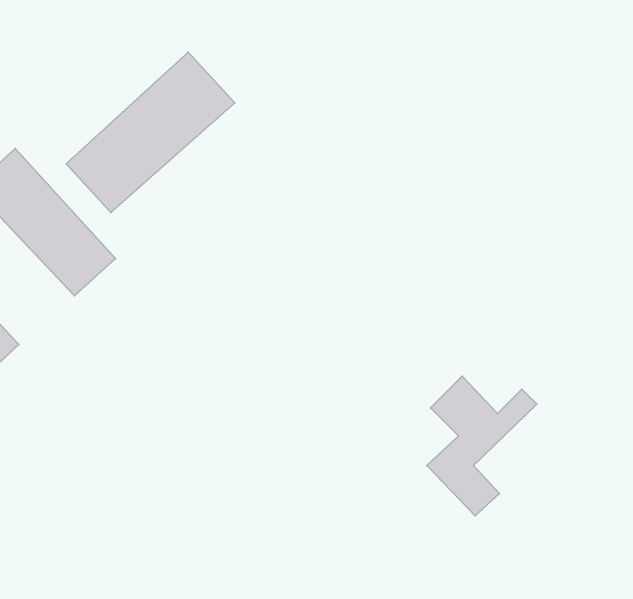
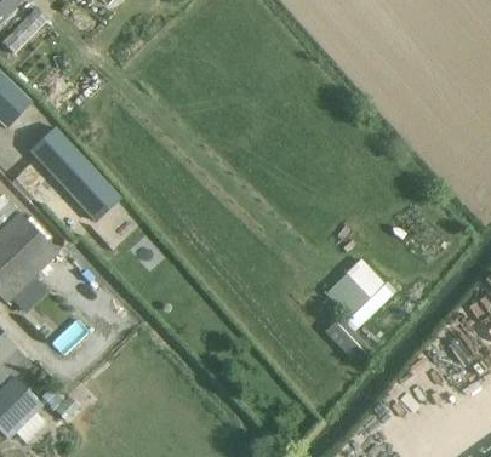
building: [66,52,235,212] -> none

